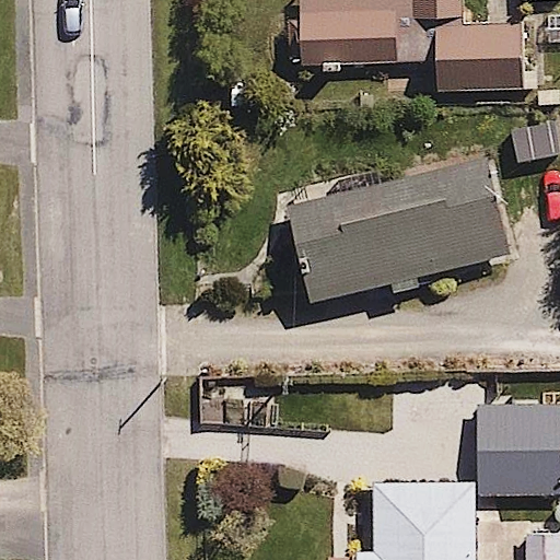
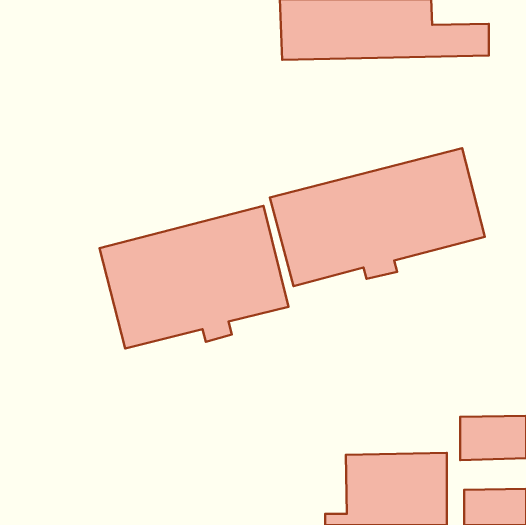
building: none -> [99,206,288,348]

